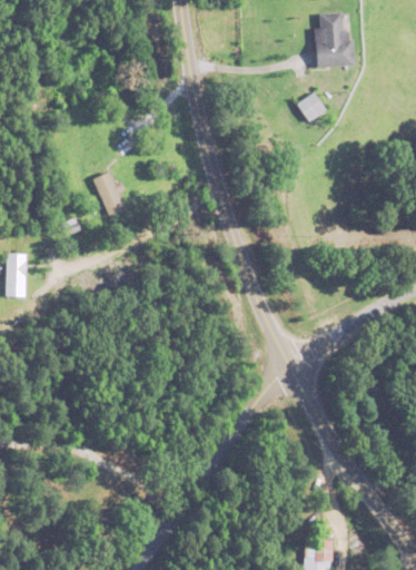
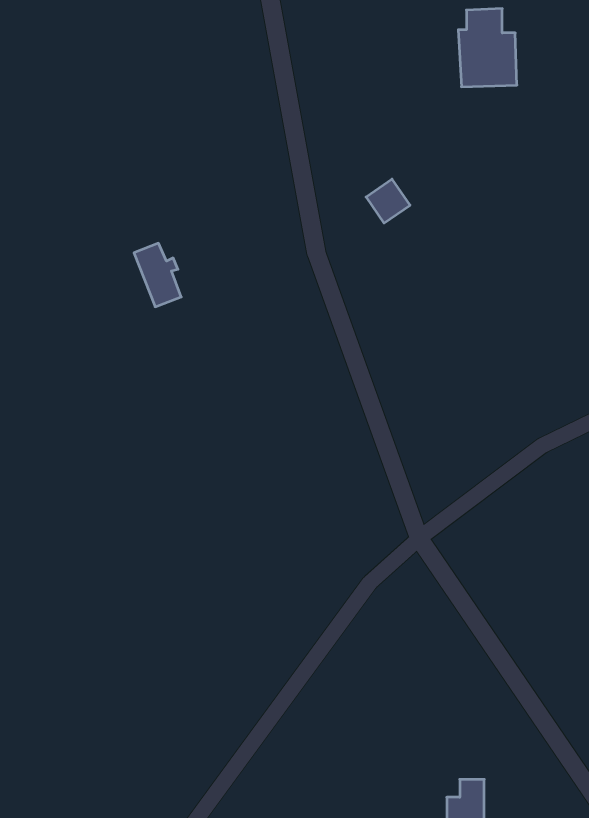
building: [296,91,326,121] -> [366,179,410,223]
building: [6,253,26,296] -> none

